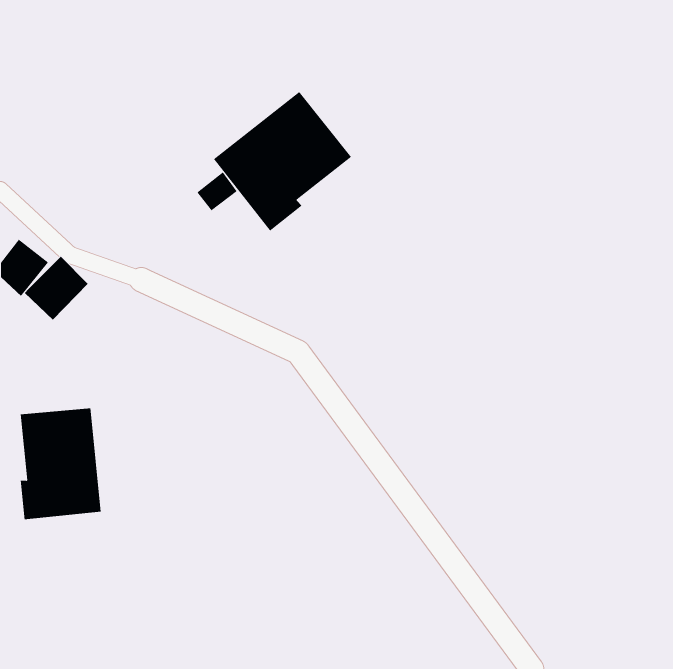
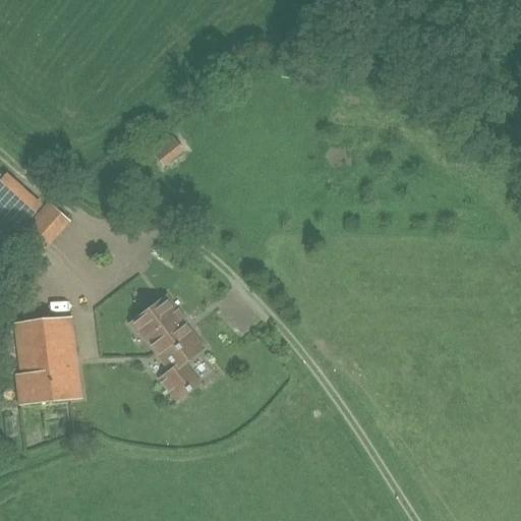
building: [213,91,352,231] -> none
building: none -> [131,296,202,400]

